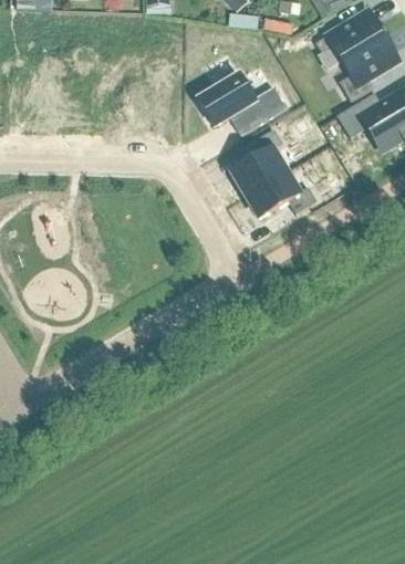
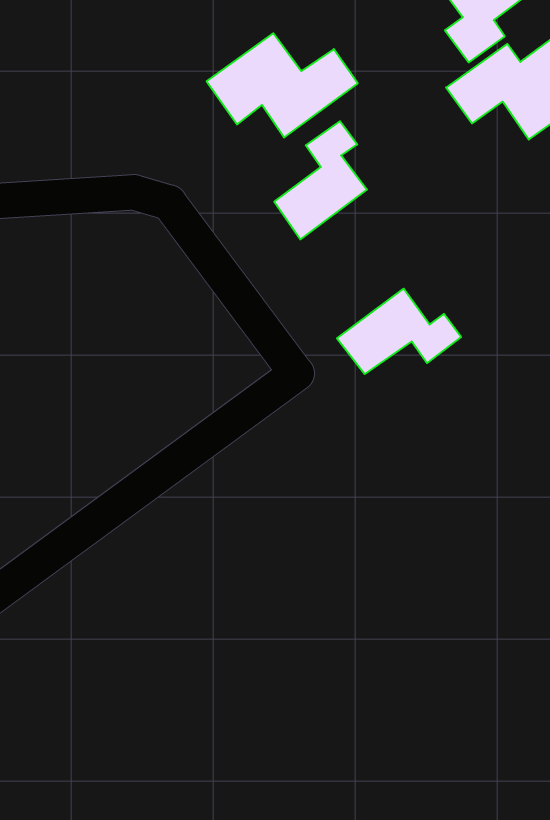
building: [245,169,316,217] -> [337,289,461,374]

